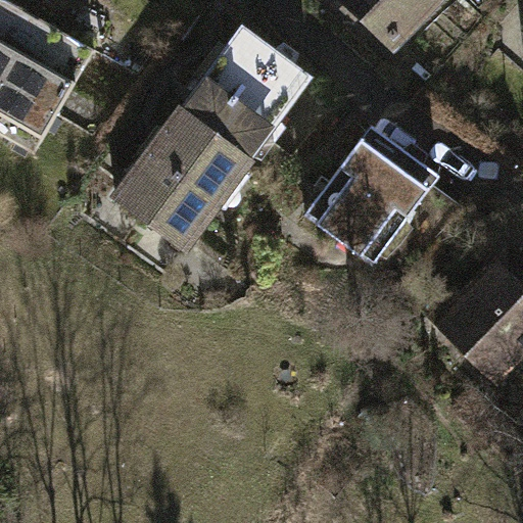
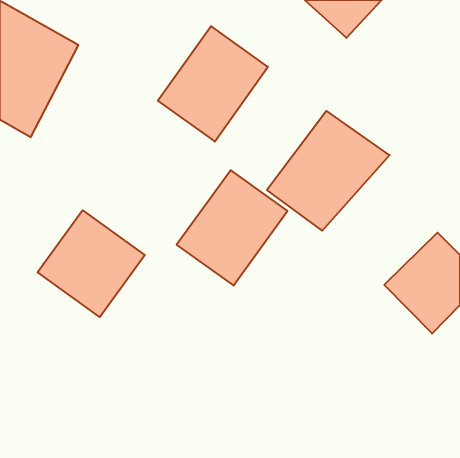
building: [117,117,243,248] -> [177,170,287,286]
building: none -> [38,210,145,317]

